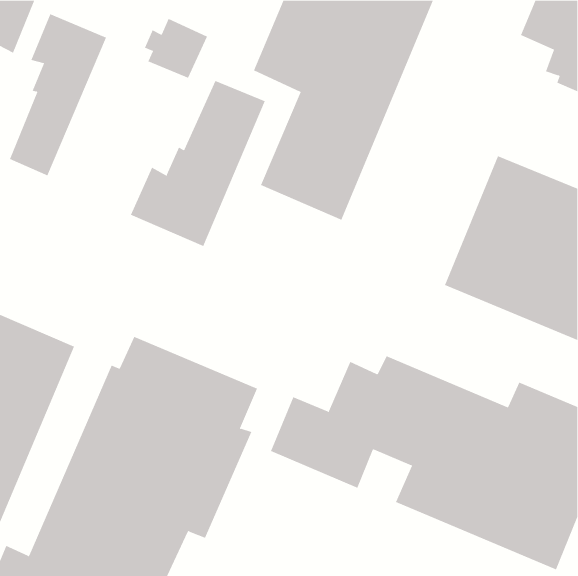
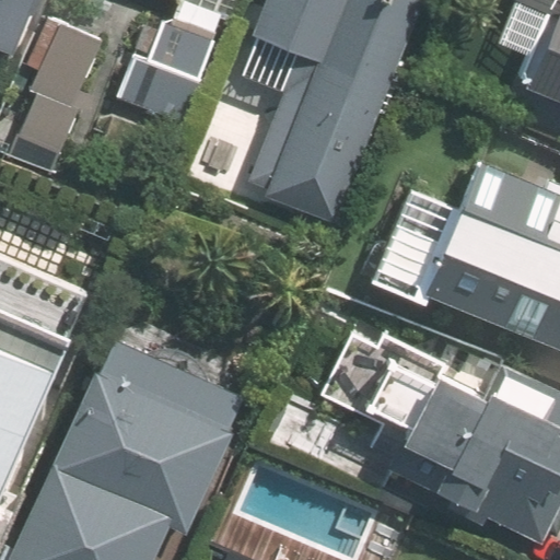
building: [130,80,266,247] -> none

